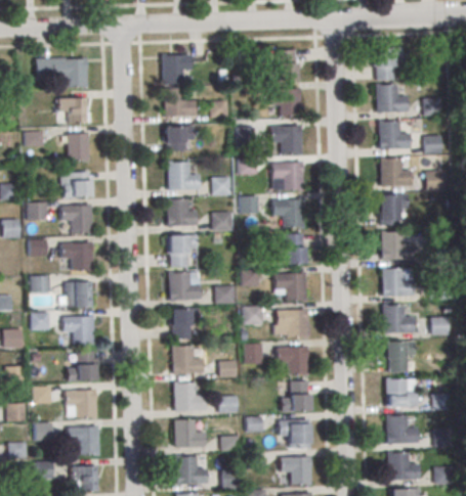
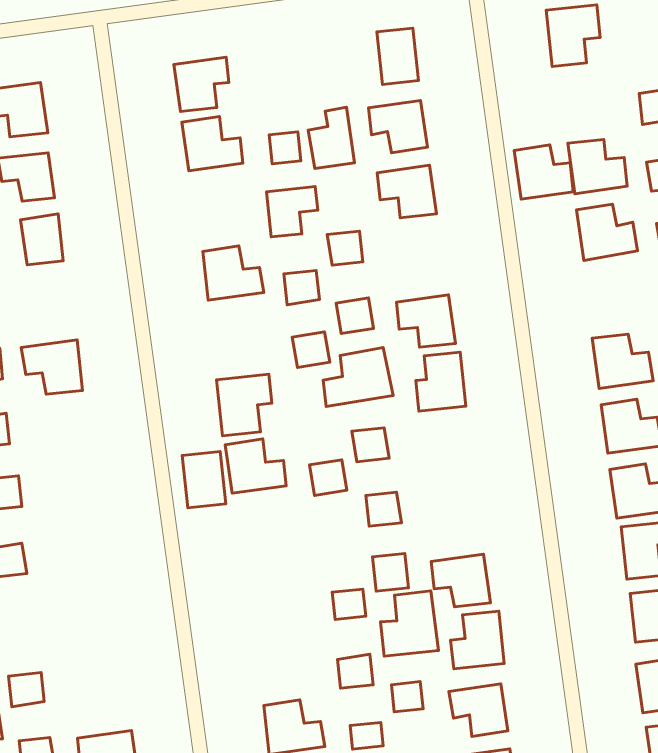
building: [376,86,407,115] -> [514,145,573,199]
building: none -> [308,107,355,168]
building: [167,126,195,151] -> [266,187,318,237]
building: [271,164,303,191] -> none
building: [62,172,91,196] -> none
building: [379,193,408,224] -> none
building: [167,196,199,225] -> none
building: none -> [323,348,393,406]
building: [61,240,93,270] -> none
building: [276,274,306,302] -> none
building: [63,281,93,306] -> none
building: [171,308,193,337] -> [182,451,226,508]
building: [278,311,308,339] -> none
building: [63,315,95,344] -> none
building: [173,345,205,372] -> none
building: [69,351,97,380] -> none
building: none -> [380,591,439,656]
building: [175,381,207,410] -> none
building: [66,389,97,417] -> none

